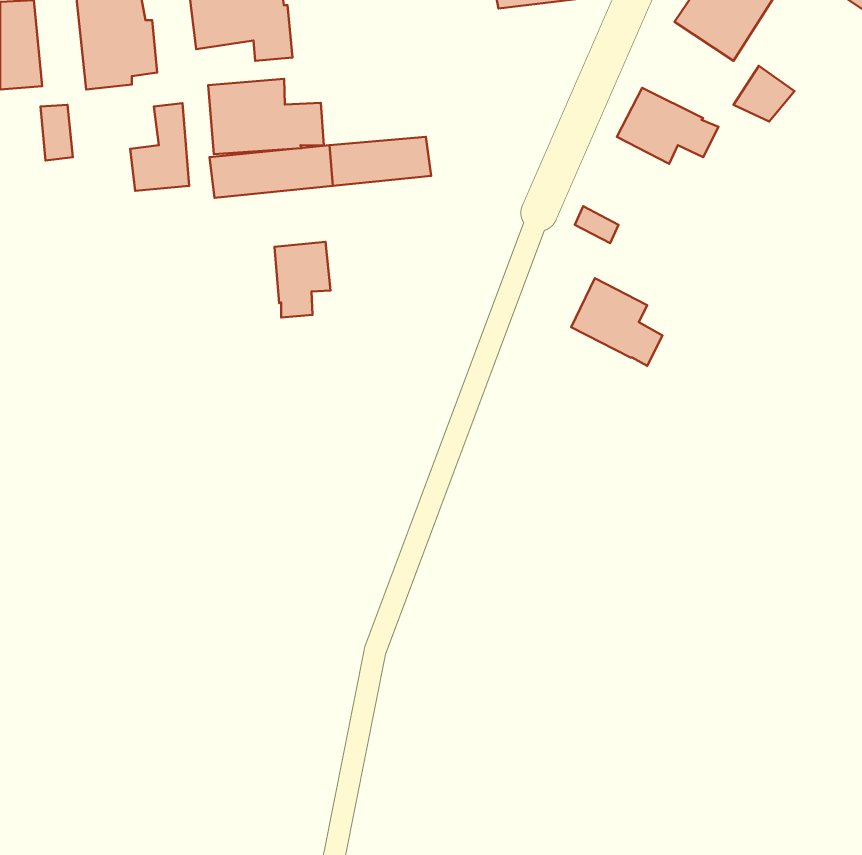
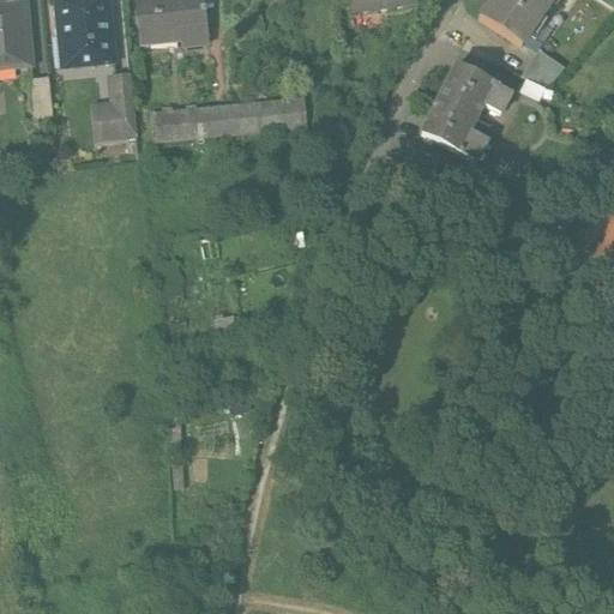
building: [208,79,324,154] -> none
building: [274,242,330,318] -> none
building: [571,278,662,366] -> [422,97,487,159]

